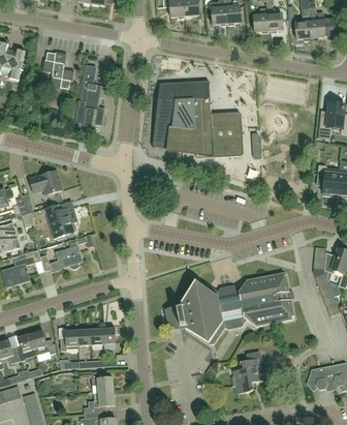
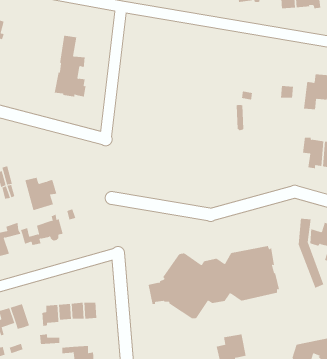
building: [41,52,73,90] -> none
building: [153,81,244,158] -> none
building: [29,171,62,194] -> none

